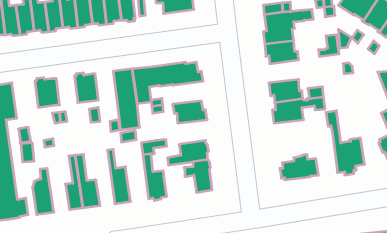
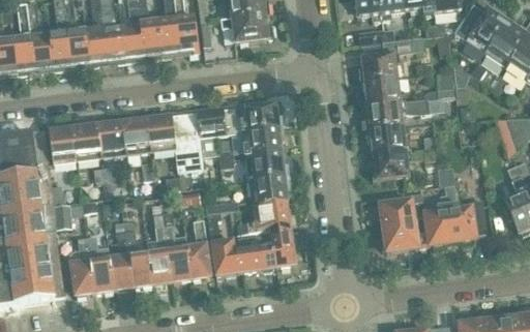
building: none -> [364,97,431,128]
building: none -> [148,113,175,150]
building: none -> [99,118,126,156]
building: none -> [49,124,77,161]
building: none -> [244,126,285,155]
building: none -> [251,175,290,205]
building: none -> [376,189,422,229]
building: none -> [423,191,452,248]
building: none -> [146,205,173,282]
building: none -> [187,219,211,277]
building: none -> [235,233,275,271]
building: none -> [88,235,116,291]

